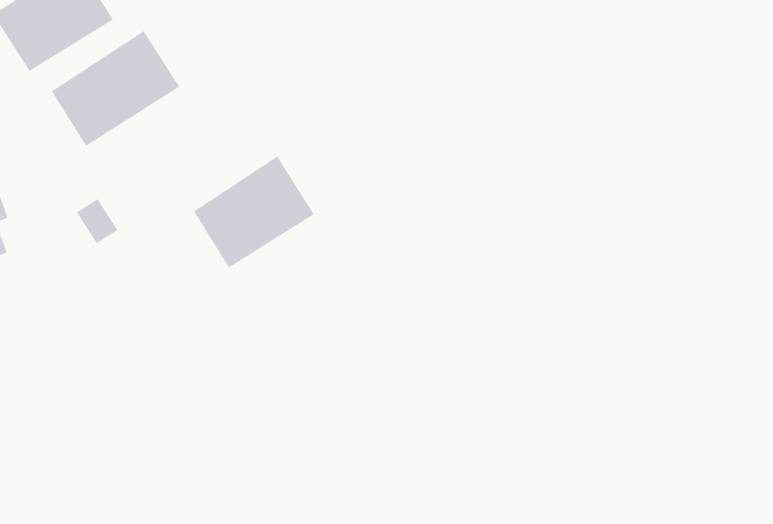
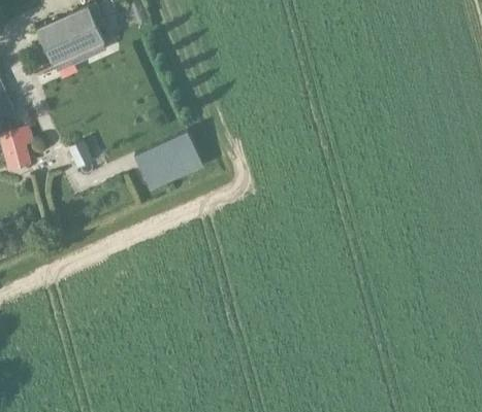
building: [51,30,180,147] -> none

